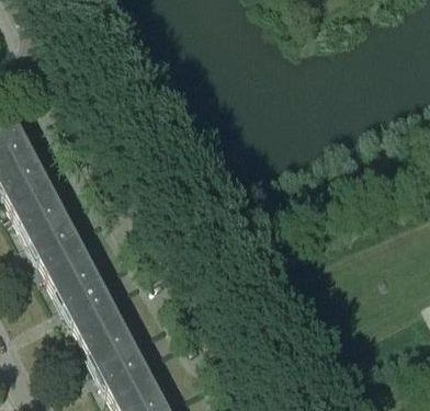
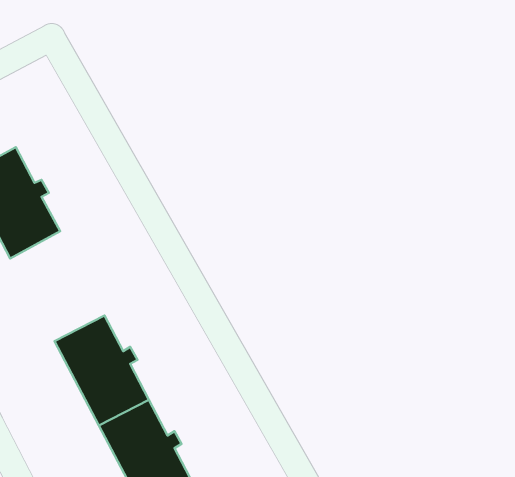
building: [14,191,87,275] -> none

